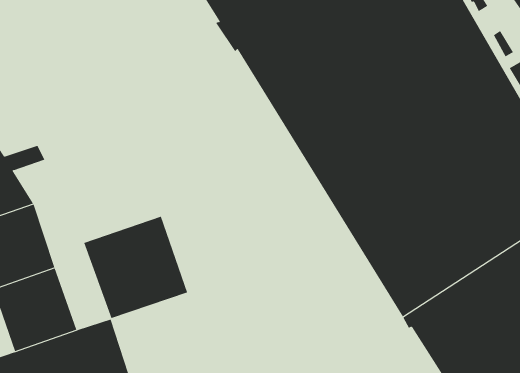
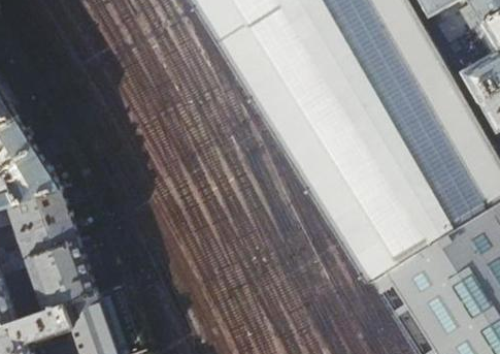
building: [83,216,188,319] -> none

